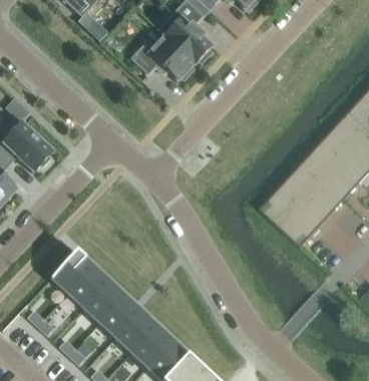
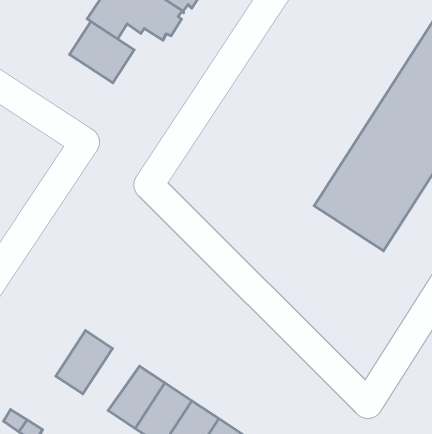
building: none -> [70,22,134,83]
building: [51,251,93,293] -> none
building: [84,281,125,322] -> none

